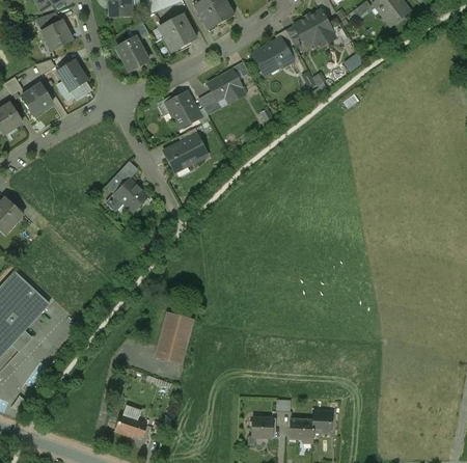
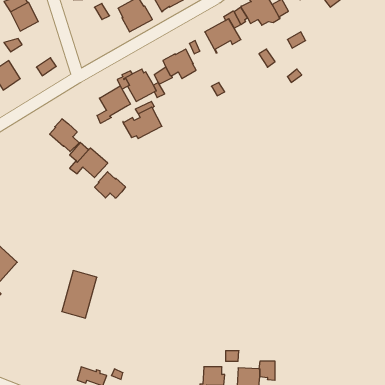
building: [117,36,147,71] -> none
building: [57,60,86,90] -> none
building: none -> [97,86,130,123]
building: none -> [50,119,79,152]
building: none -> [95,172,125,198]
building: [154,311,192,363] -> [62,271,97,318]

